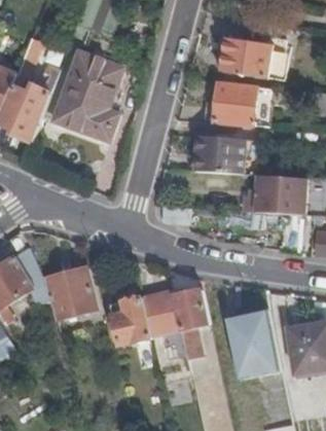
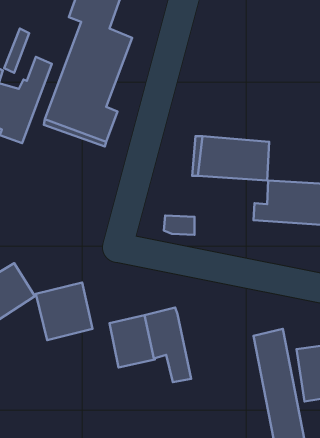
building: [215,38,270,75] -> none
building: [202,83,270,127] -> none
building: [173,290,209,358] -> none

